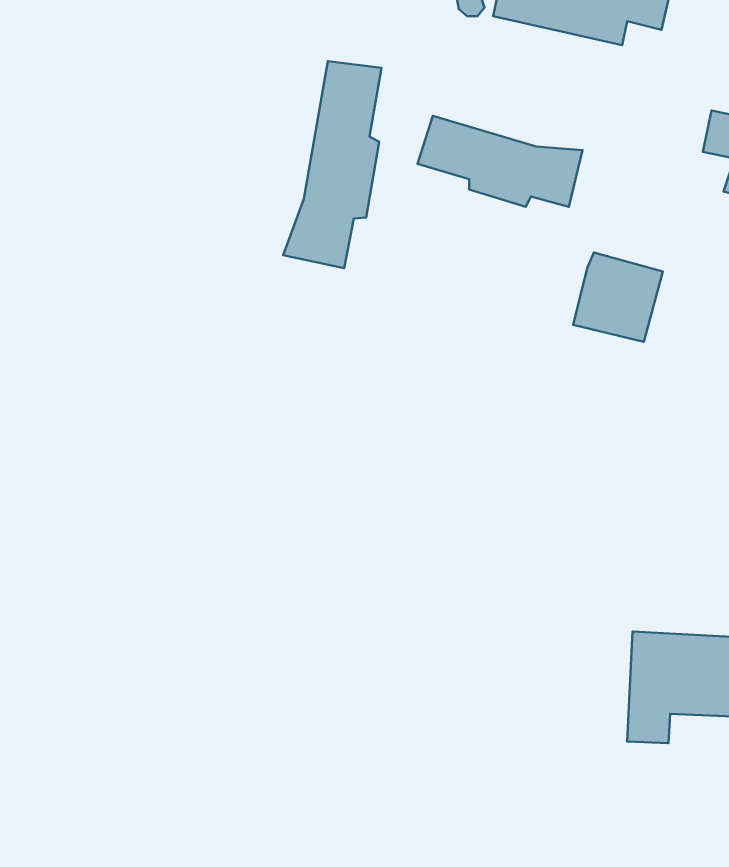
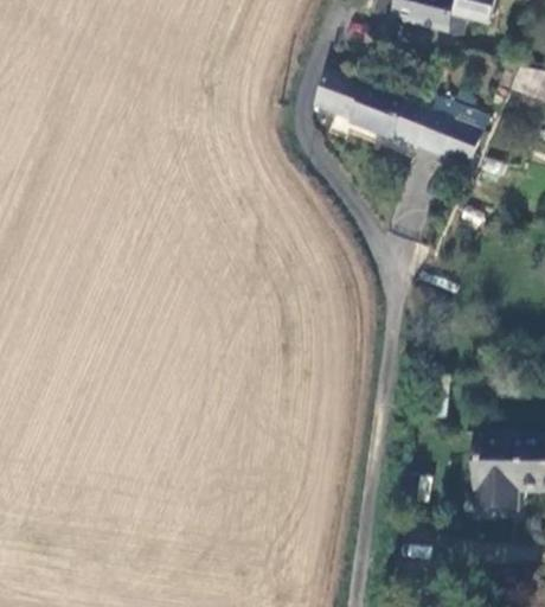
building: [283,61,381,268] -> none
building: [573,253,663,342] -> [429,95,490,156]

